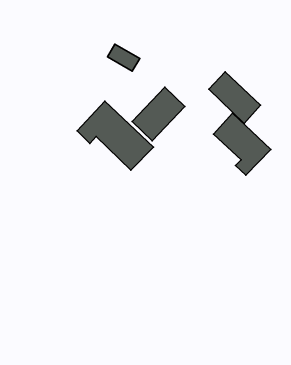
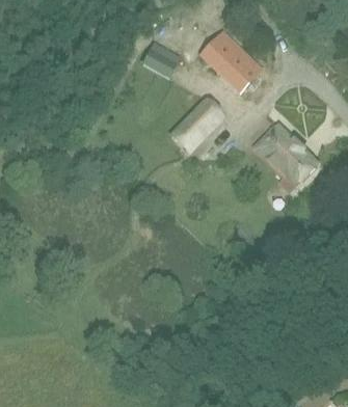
building: [209,72,261,123] -> [205,33,261,89]
building: [77,101,154,170] -> none

